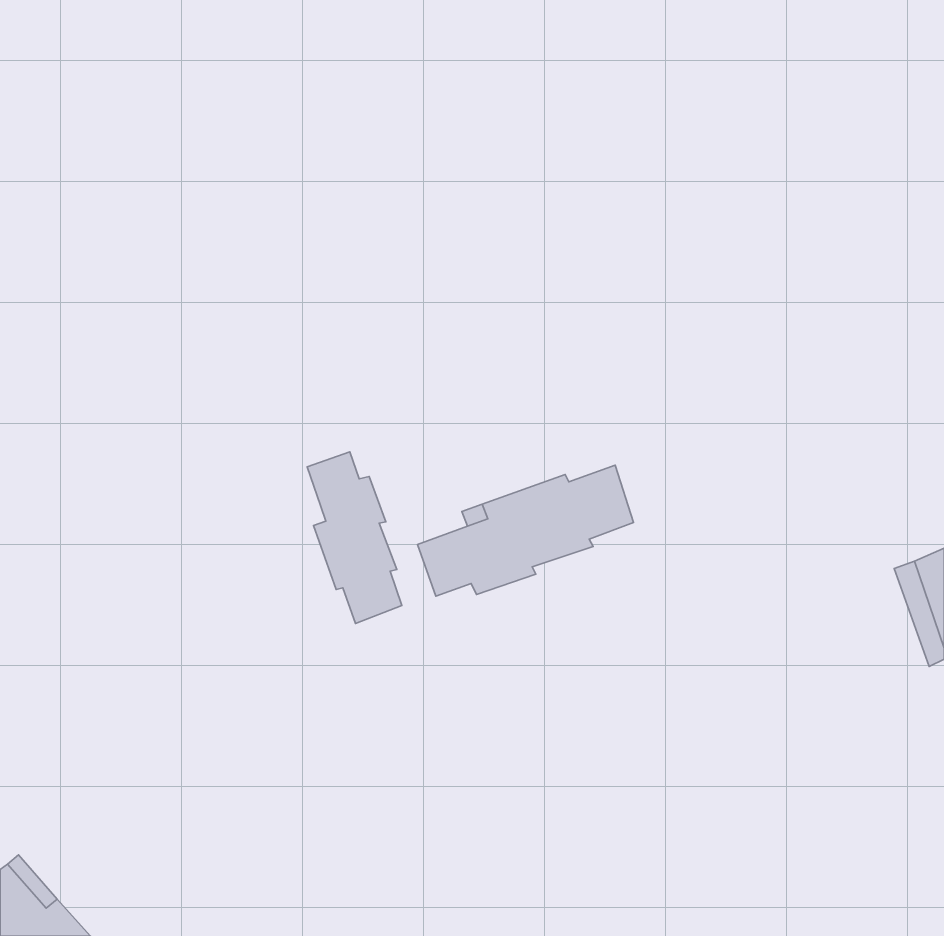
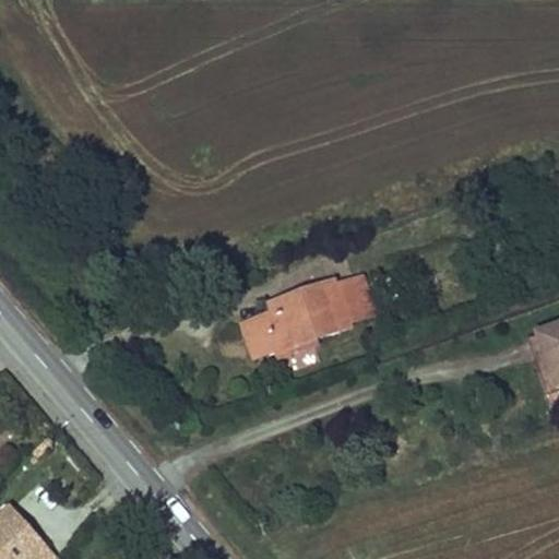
building: [307,452,402,623] -> none

